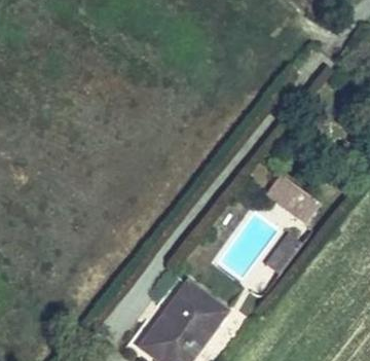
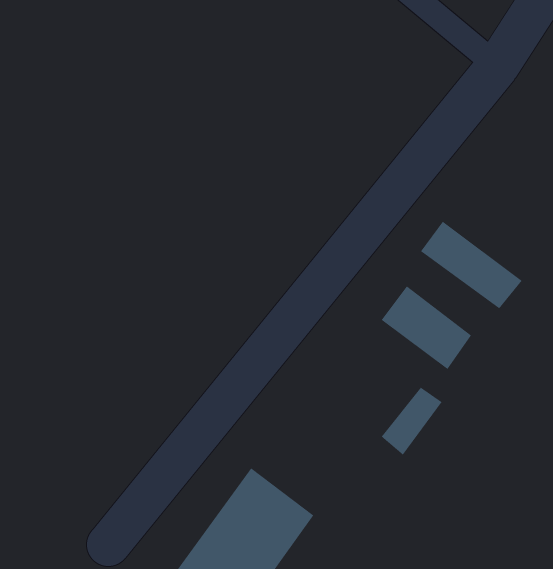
building: none -> [420,221,523,309]

